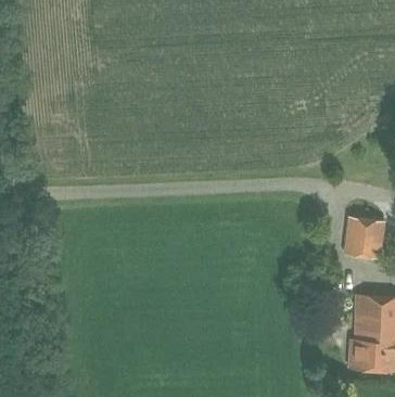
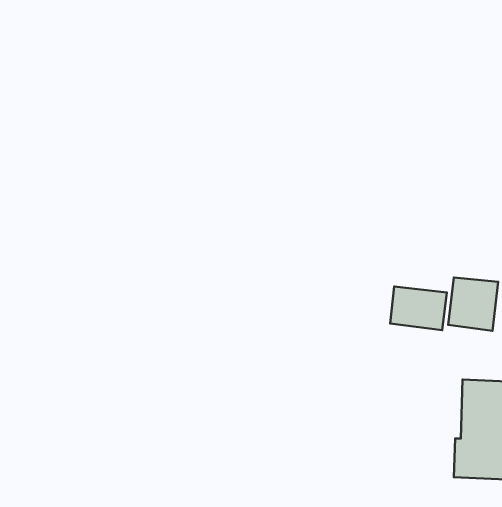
building: none -> [390,287,447,330]

